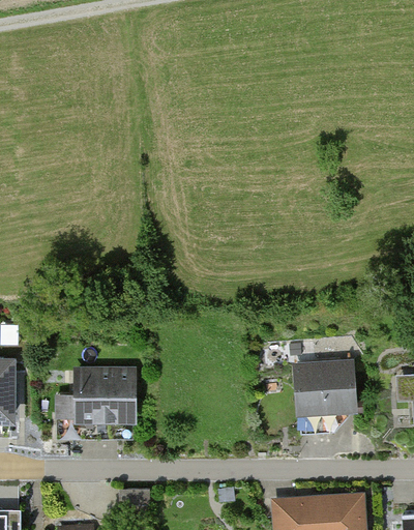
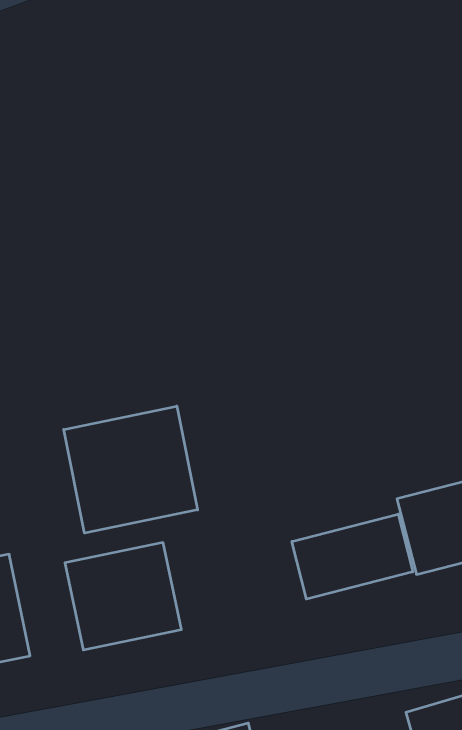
building: none -> [64,406,198,533]
building: none -> [292,514,413,599]

